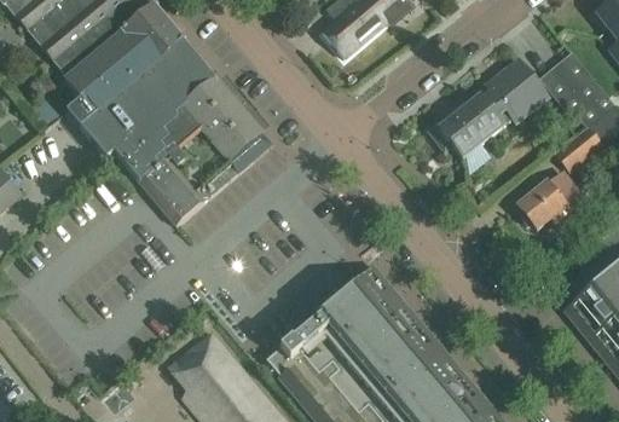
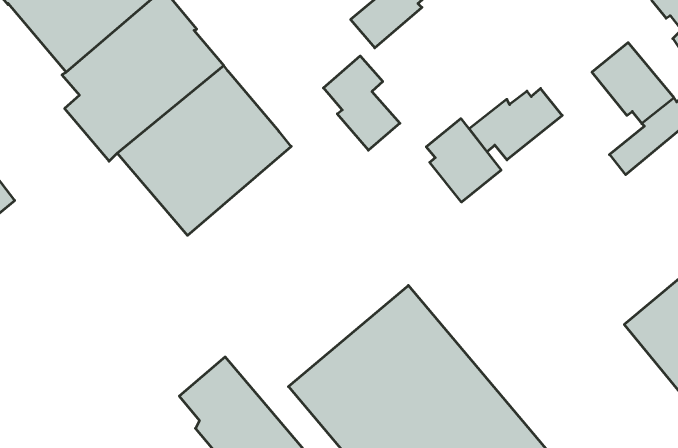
building: [485,57,548,121] -> none
building: none -> [323,56,400,150]
building: none -> [426,119,501,202]
building: [517,169,590,229] -> none

